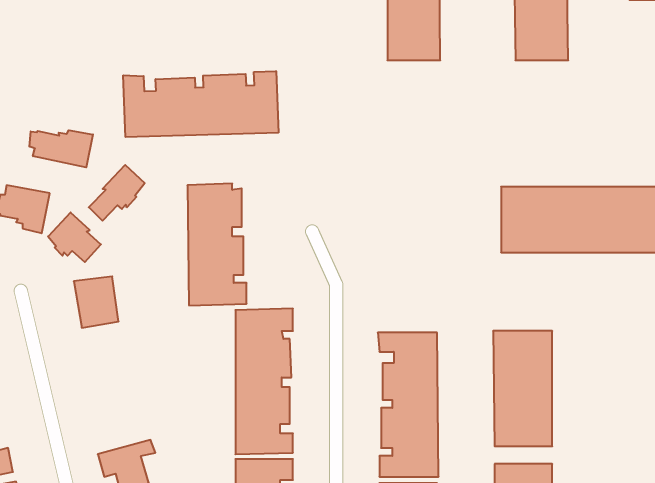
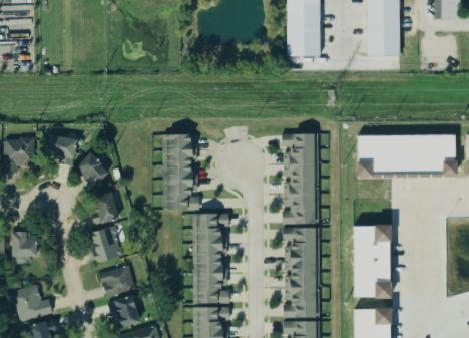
building: [123,71,278,137] -> none
building: [29,130,93,167] -> none
building: [89,165,145,221] -> none
building: none -> [281,133,318,223]
building: none -> [90,226,123,263]
building: none -> [97,264,135,296]

